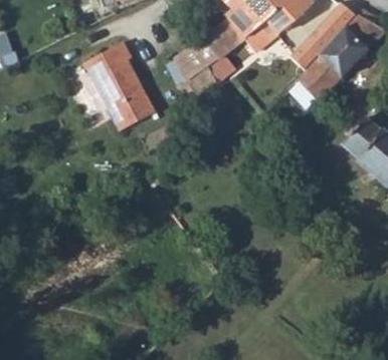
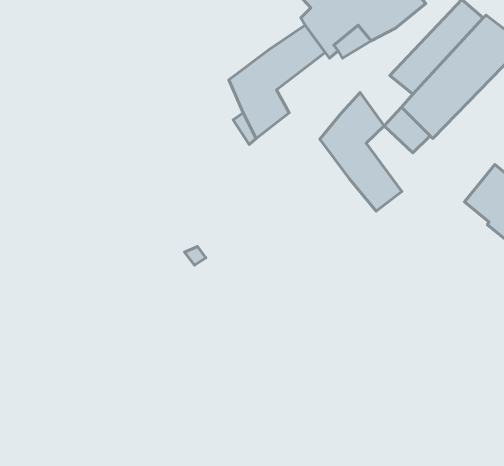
building: [87,41,163,130] -> none
building: none -> [320,92,402,211]

